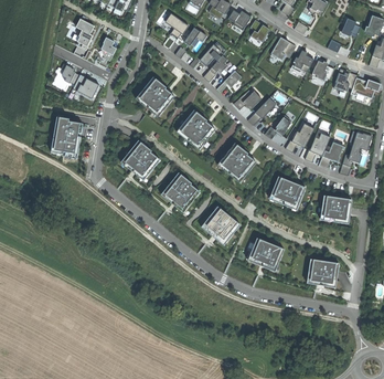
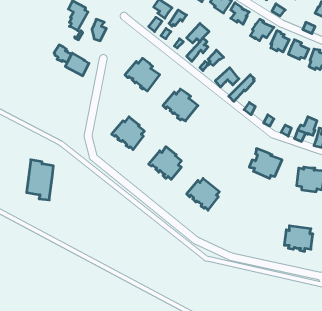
building: [52,117,81,160] -> [27,160,53,200]
building: [217,145,255,179] -> none
building: [248,238,284,271] -> none

